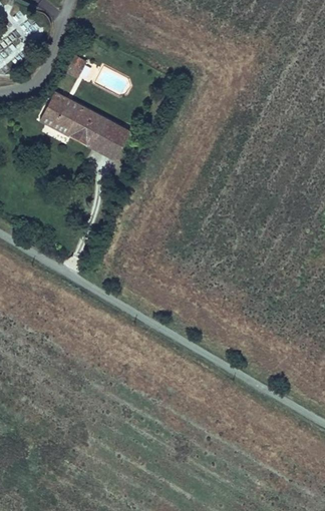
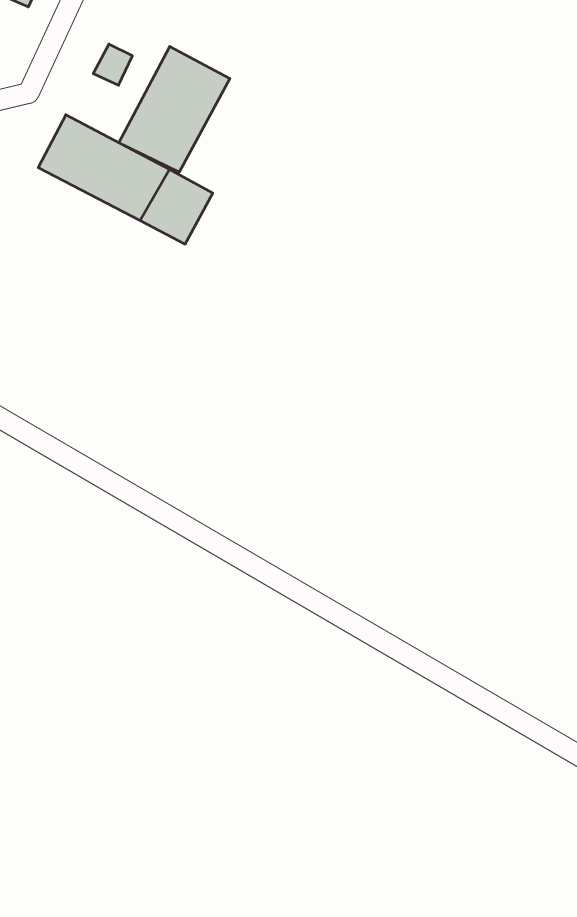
building: none -> [119,46,230,172]

